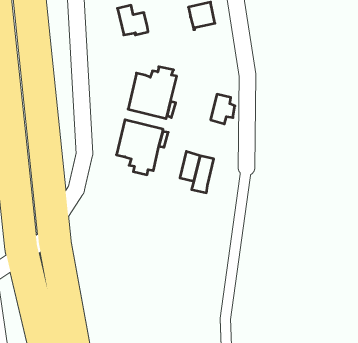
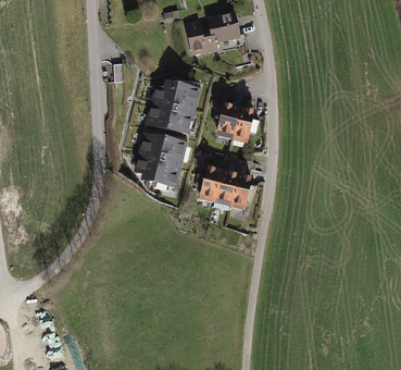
building: [117,5,148,35] -> [185,21,216,51]
building: none -> [217,103,239,134]
building: none -> [229,174,251,205]

